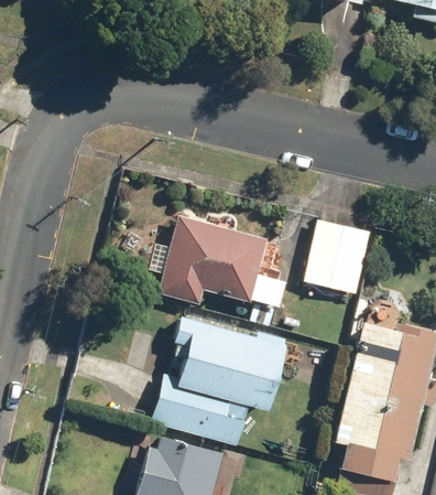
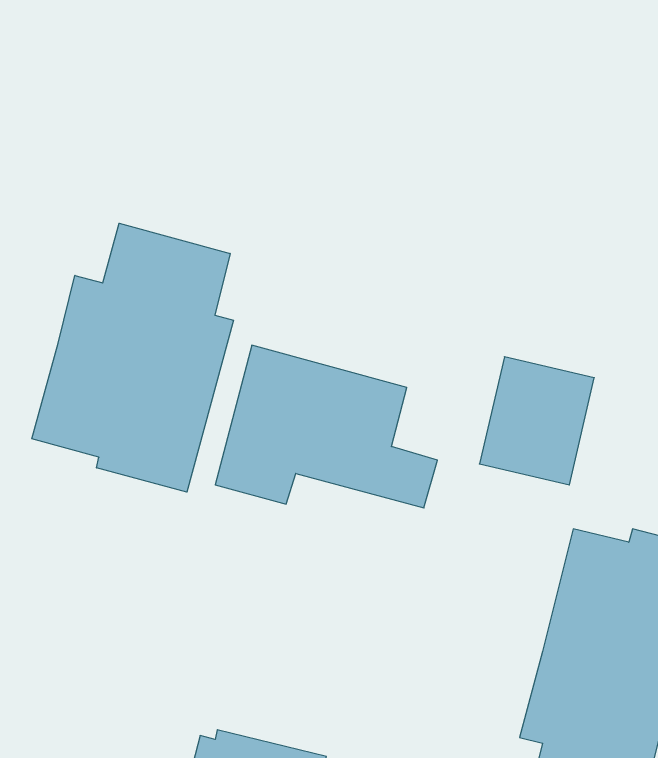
building: none -> [32,223,233,492]
building: [150,315,286,445] -> none

